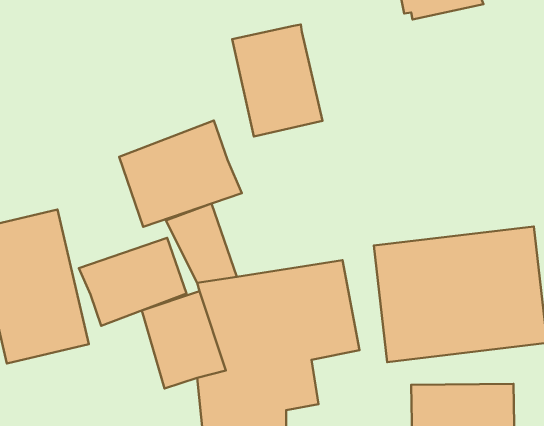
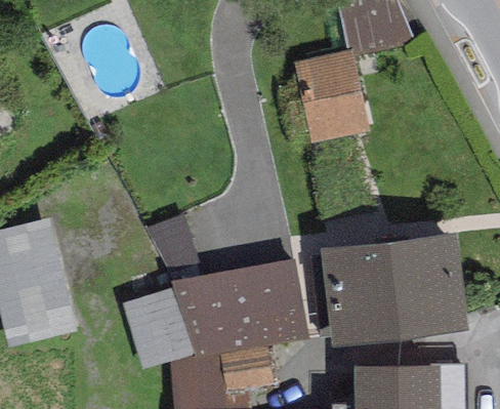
building: [232,25,322,136] -> [294,50,371,146]
building: [119,120,242,227] -> none
building: [79,238,186,326] -> none

